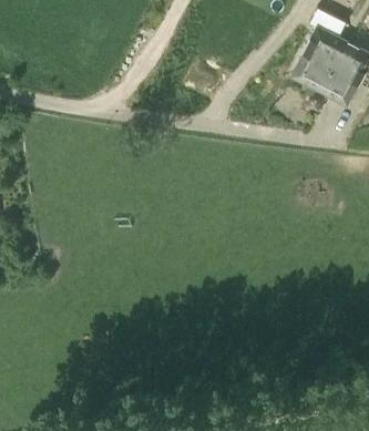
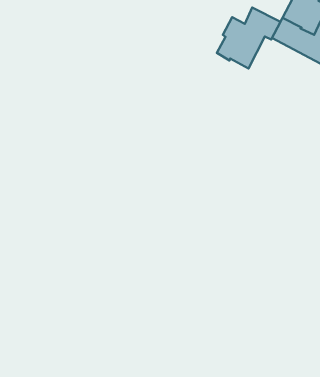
building: none -> [217,8,280,68]

